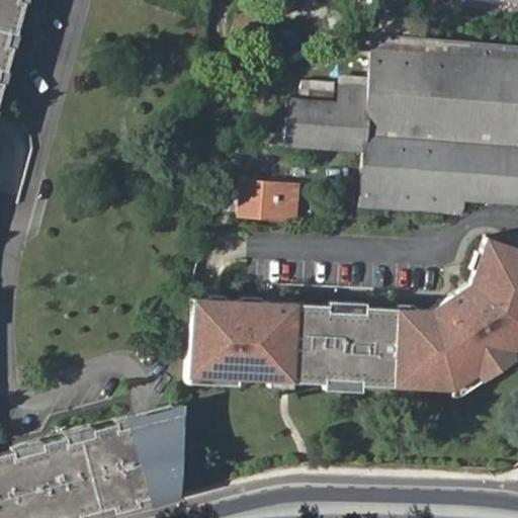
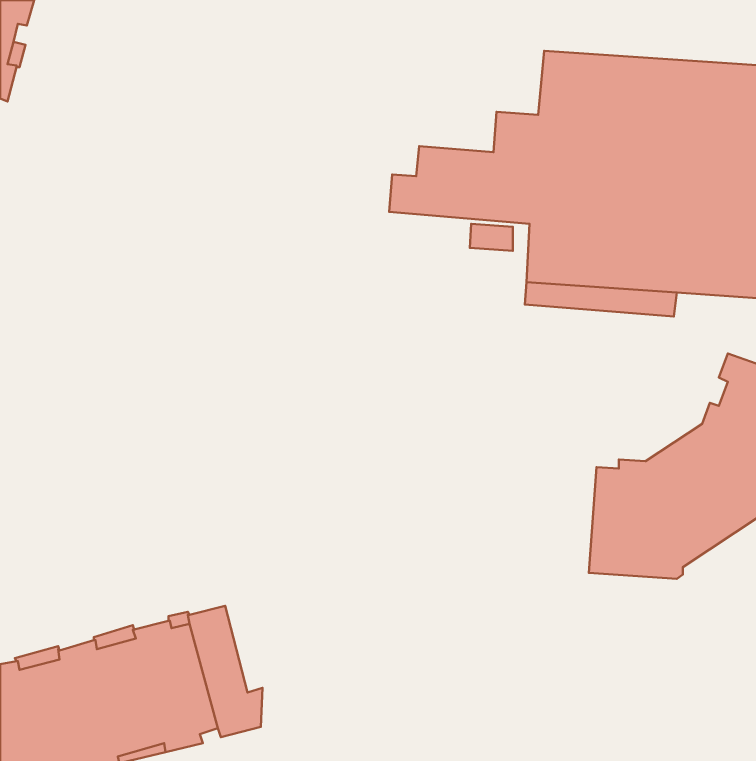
building: [245,182,291,219] -> none
building: [188,297,409,390] -> none
building: [157,404,186,470] -> none

